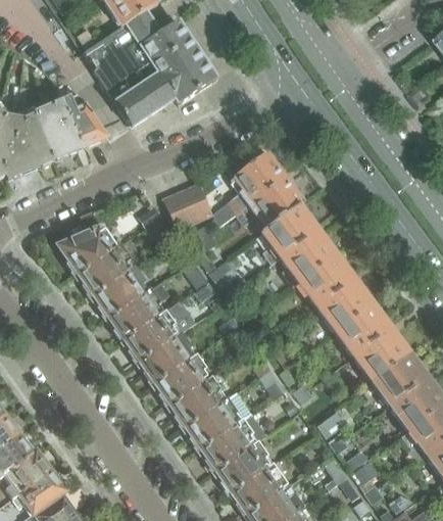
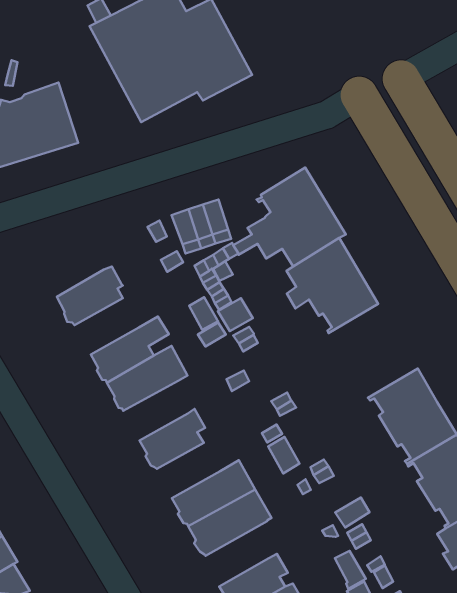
building: [61,94,107,147] -> none
building: [58,225,112,273] -> none
building: [298,253,373,330] -> none
building: [93,266,145,317] -> none
building: [139,331,191,382] -> none
building: [170,375,222,426] -> none
building: [216,437,274,493] -> none

